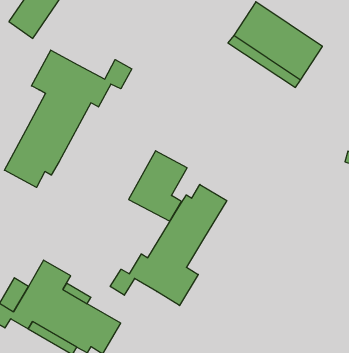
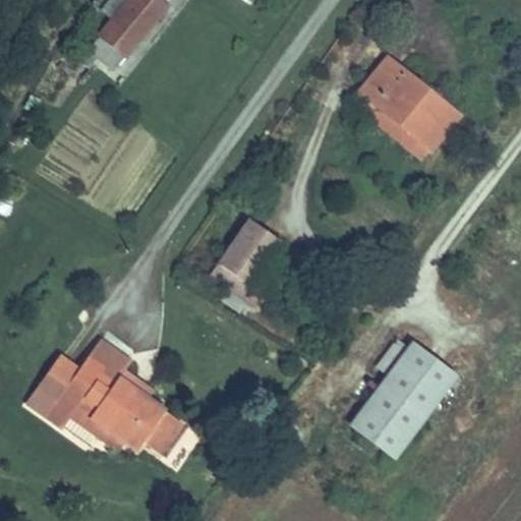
building: [4,50,132,187] -> none
building: [110,184,227,306] -> none
building: none -> [352,342,457,456]

